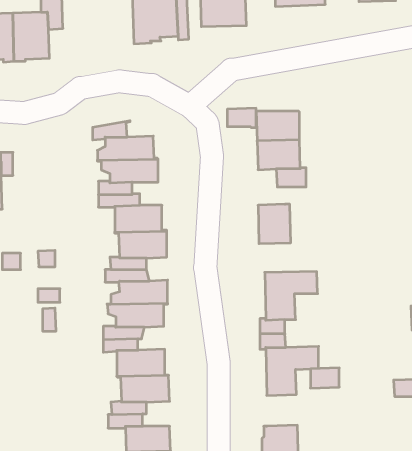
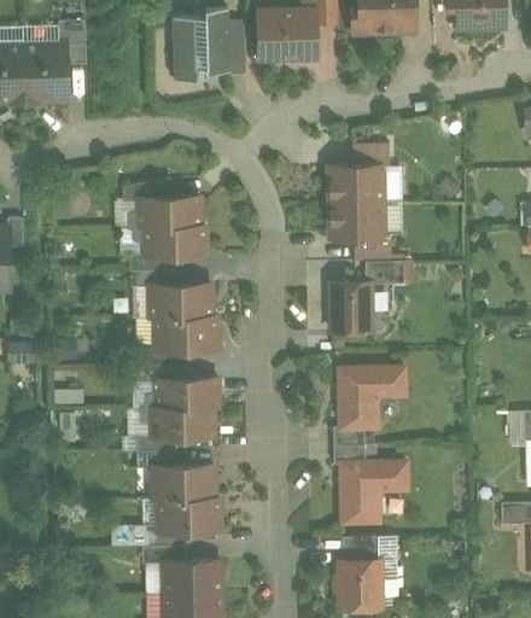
building: [227,108,256,128] -> [352,142,389,167]
building: none -> [364,261,404,284]
building: [310,368,339,388] -> [342,536,378,561]

